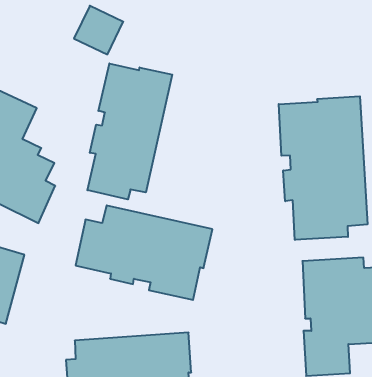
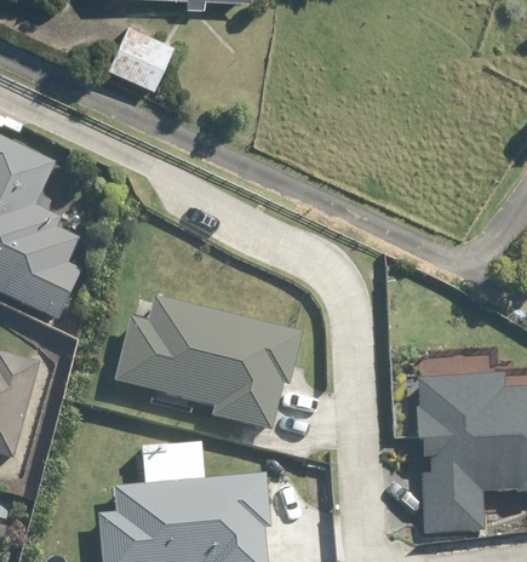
building: [87,63,172,199] -> none
building: [279,96,367,240] -> none

